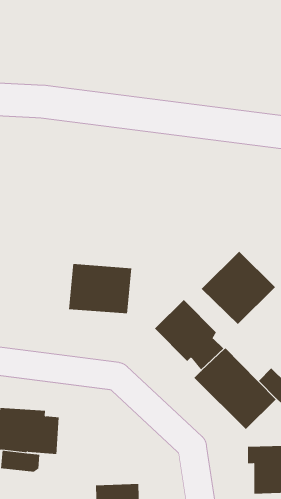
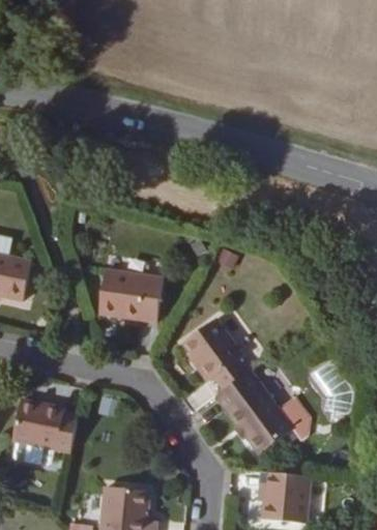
building: [201,251,276,325] -> none

